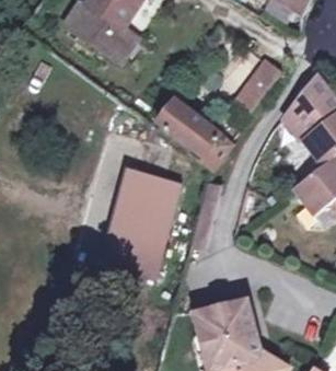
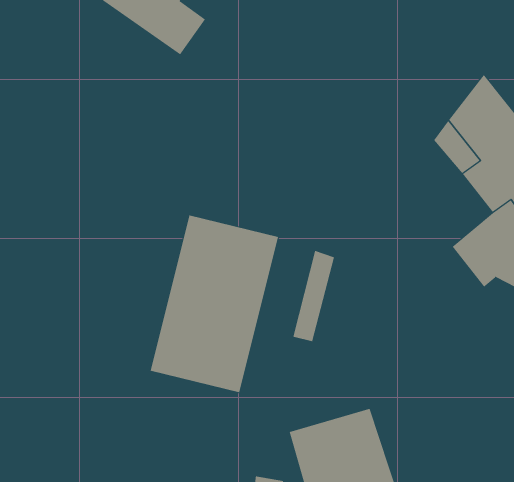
building: [235,61,282,113] -> none
building: [159,102,231,169] -> none

